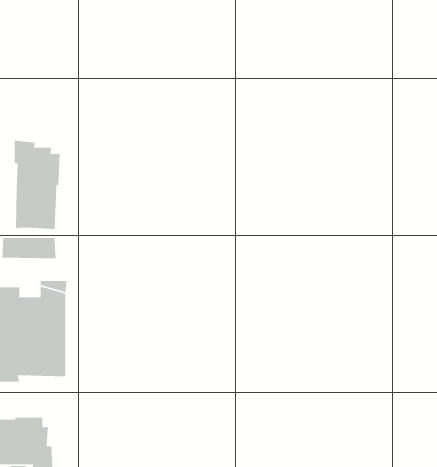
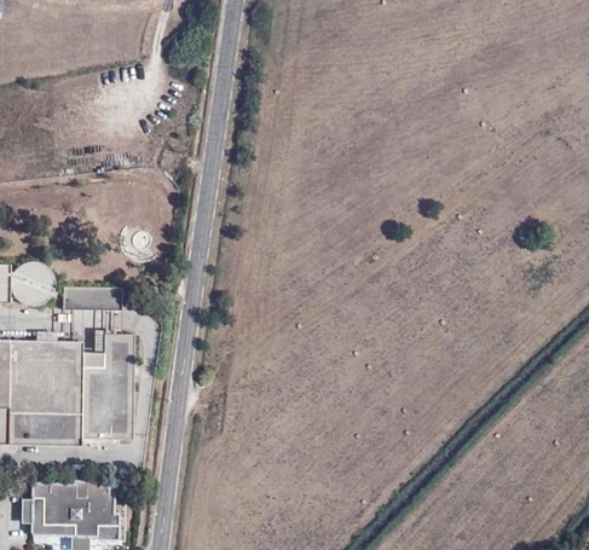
building: [14,140,60,230] -> none

